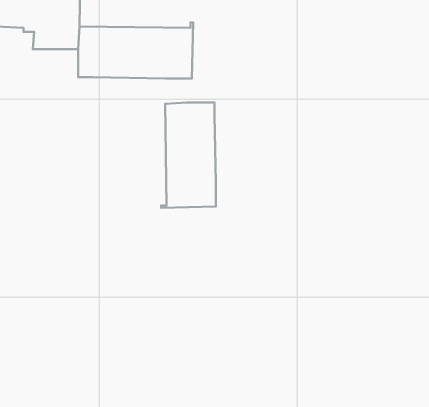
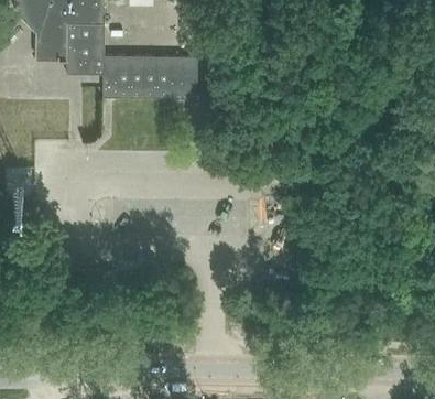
building: [161,103,216,208] -> none

